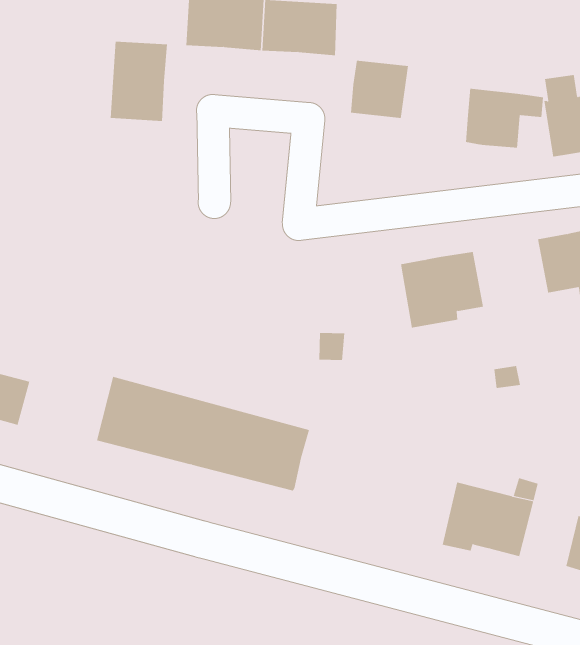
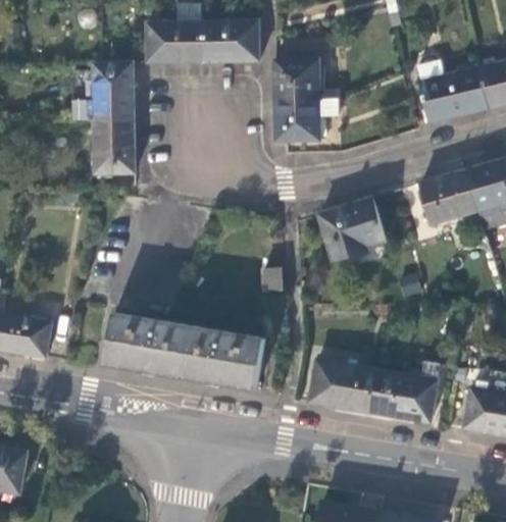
building: [465,88,544,148] -> [274,101,331,143]
building: none -> [95,119,136,173]
building: none -> [311,361,377,418]

